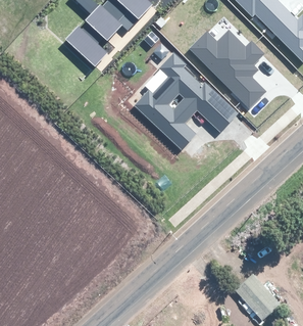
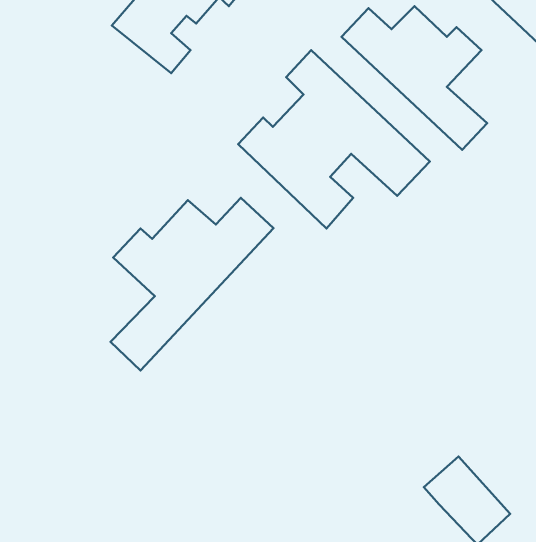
building: none -> [110,198,273,370]

